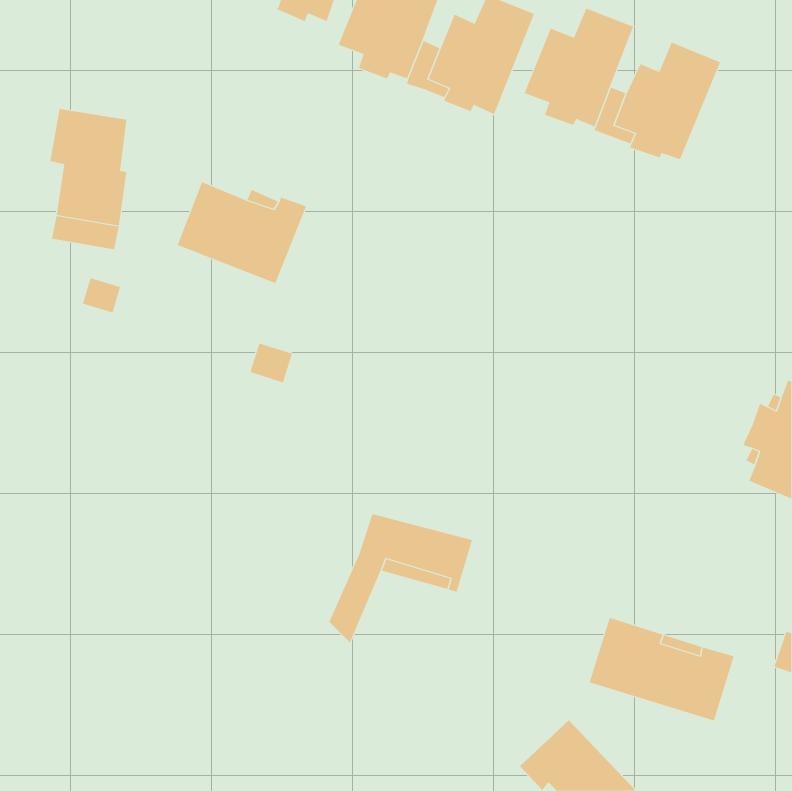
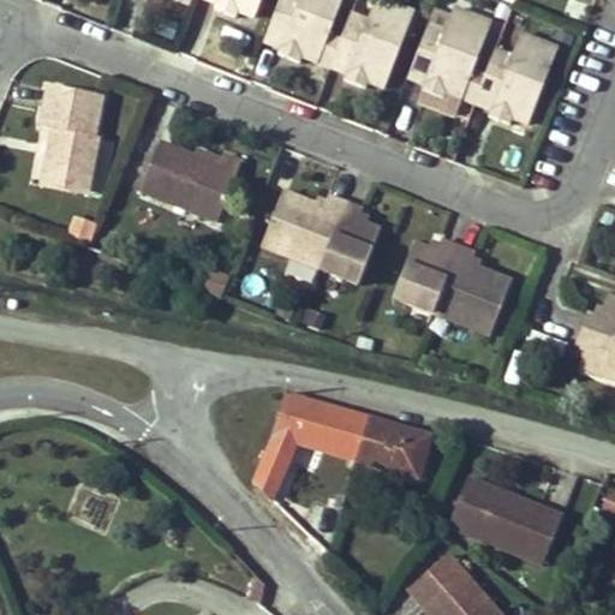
building: none -> [262,191,381,285]
building: none -> [394,238,513,335]
building: none -> [354,418,429,477]

